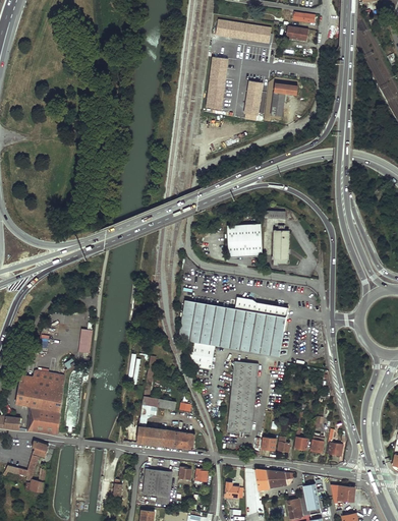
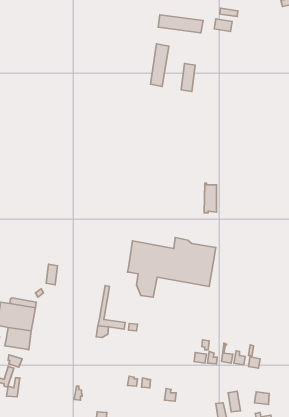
building: [271,82,297,116] -> none
building: [228,223,263,256] -> none
building: [227,360,259,432] -> none
building: [136,426,195,450] -> none
building: [144,468,173,504] -> none
building: [257,468,294,488] -> none

